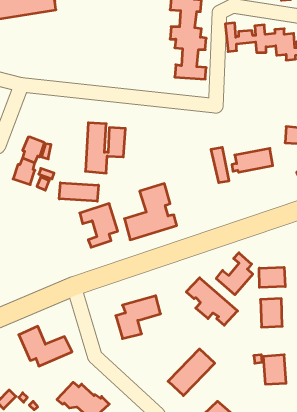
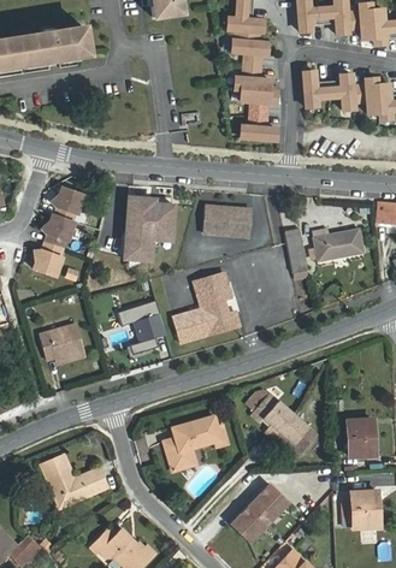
building: none -> [55,187,83,220]
building: none -> [205,203,250,235]
building: [59,183,98,201] -> none
building: none -> [40,324,85,360]
building: [216,253,253,295] -> none
building: [259,267,285,287] -> none

